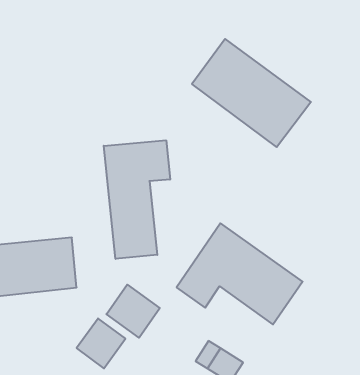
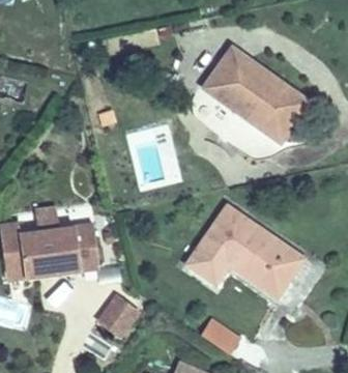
building: [104,140,170,259] -> none
building: [106,285,160,338] -> none

